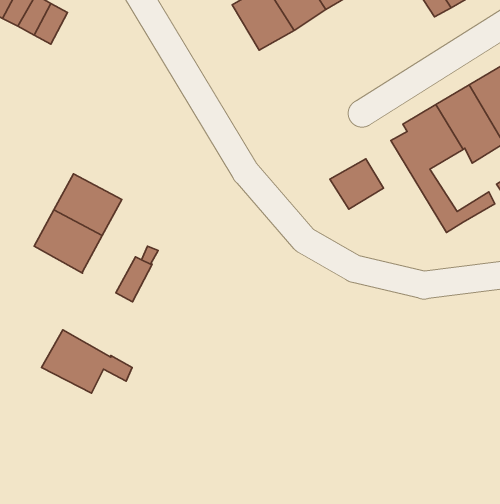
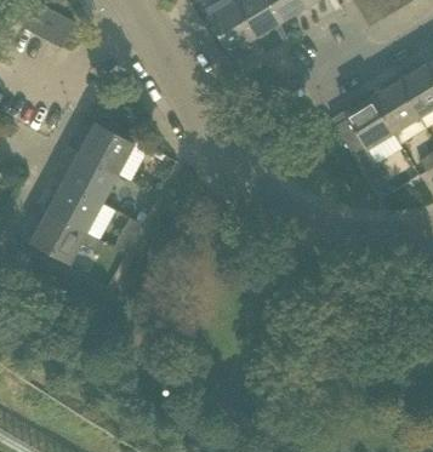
building: none -> [80,121,139,173]
building: [330,159,384,209] -> none
building: [42,330,132,393] -> [32,211,104,262]

